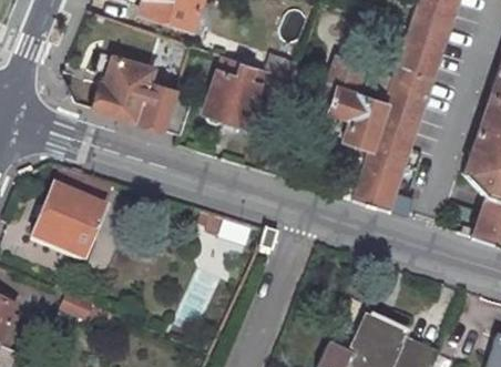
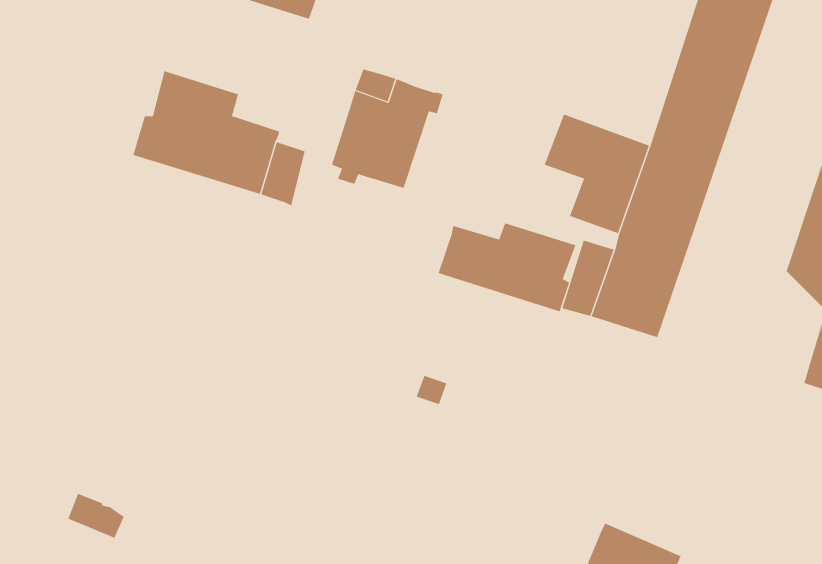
building: none -> [438,223,576,312]
building: [31,165,112,258] -> none

